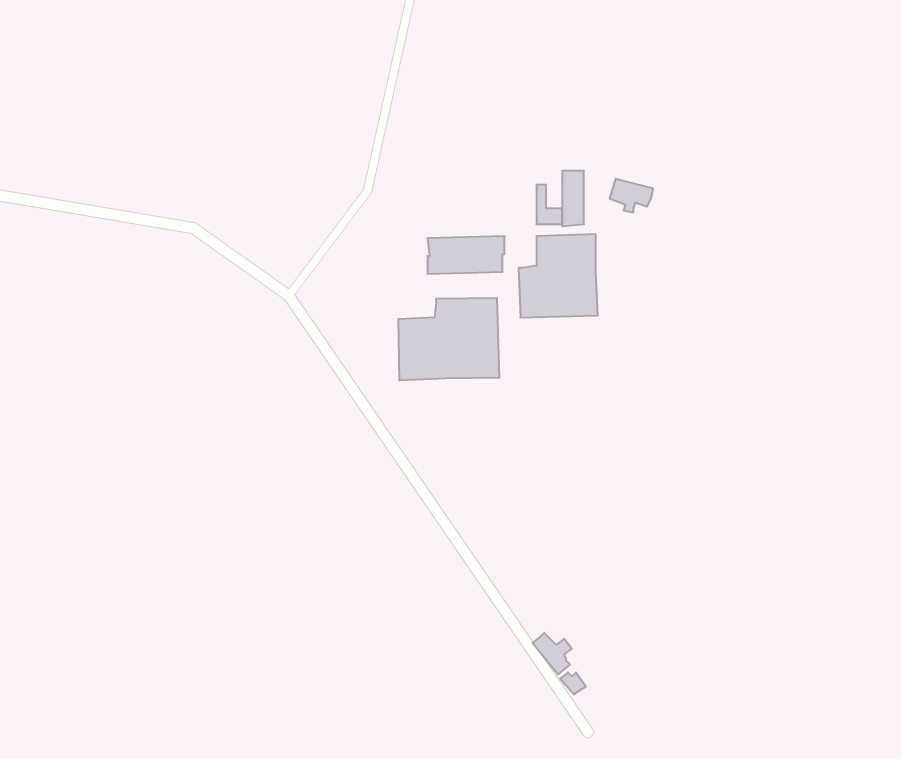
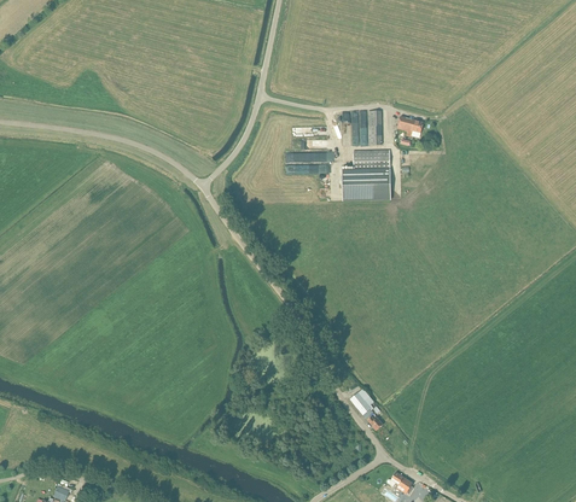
building: [398,298,499,381] -> none

